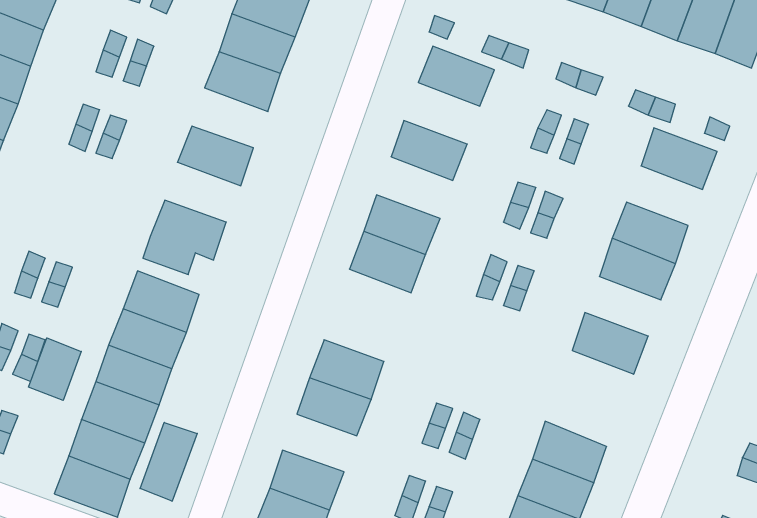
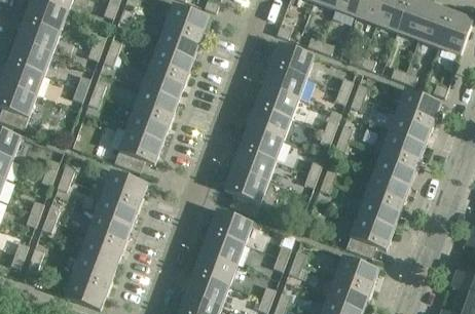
building: none -> [263,63,306,97]
building: none -> [143,66,186,100]
building: none -> [248,105,291,140]
building: none -> [127,108,171,142]
building: none -> [390,110,433,144]
building: none -> [224,168,267,213]
building: none -> [366,172,409,206]
building: [29,338,81,400] -> none
building: none -> [346,214,394,257]
building: none -> [194,250,236,283]
building: [140,422,197,501] -> none

